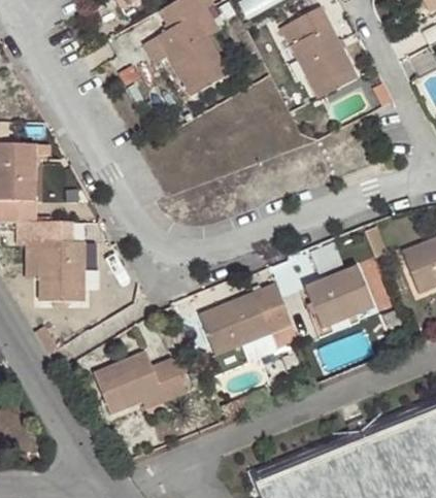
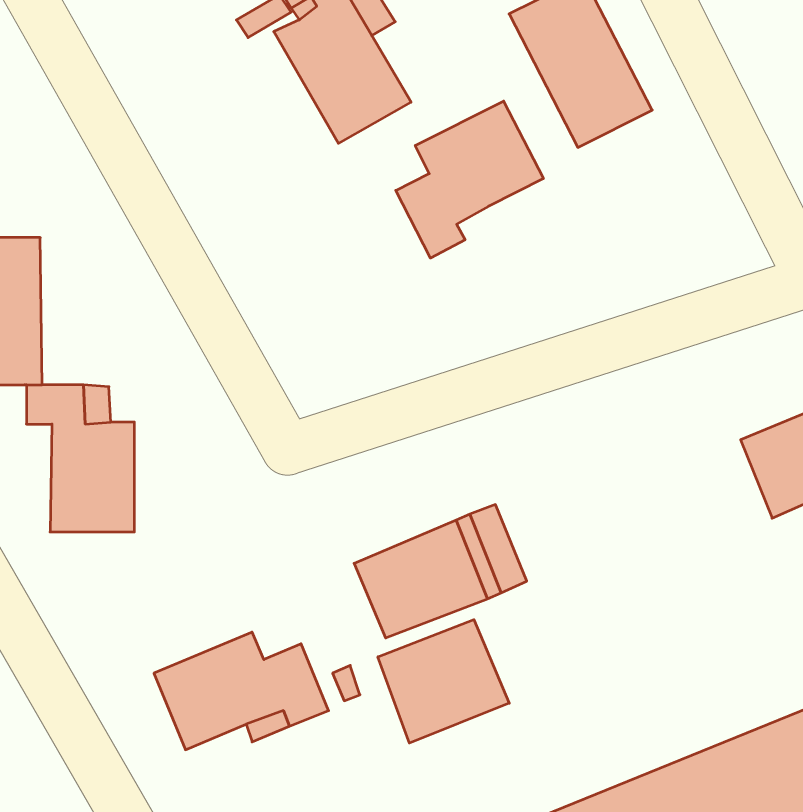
building: none -> [396,101,543,258]
building: [306,267,373,328] -> none
building: none -> [378,620,509,743]

